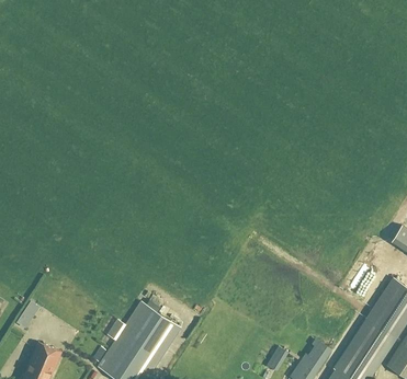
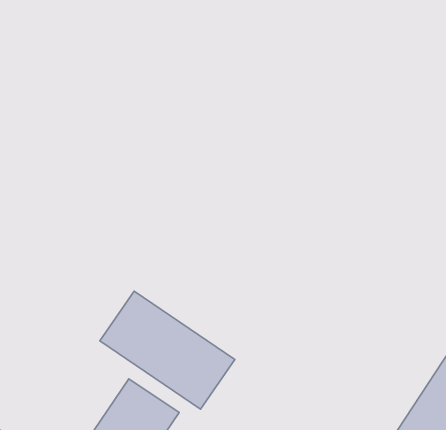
building: none -> [100,291,235,409]

